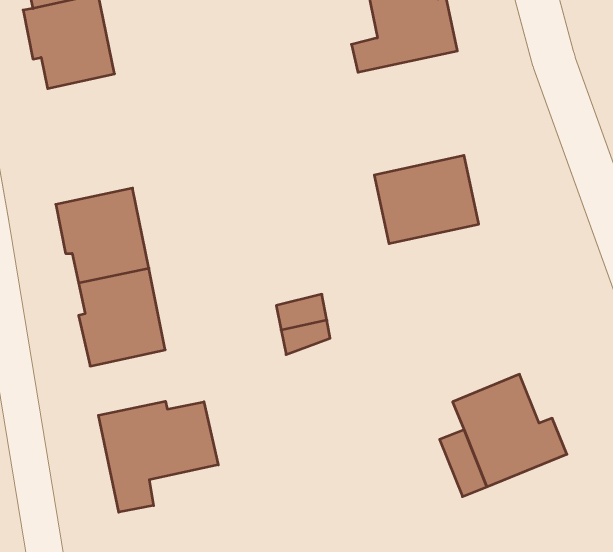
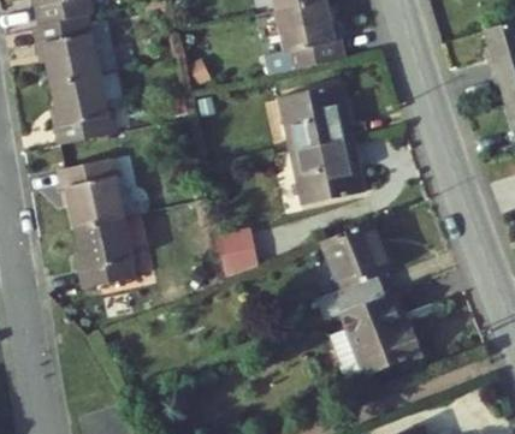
building: none -> [46,73,109,144]
building: none -> [278,82,355,148]
building: none -> [324,220,396,315]
building: [98,401,218,512] -> none

